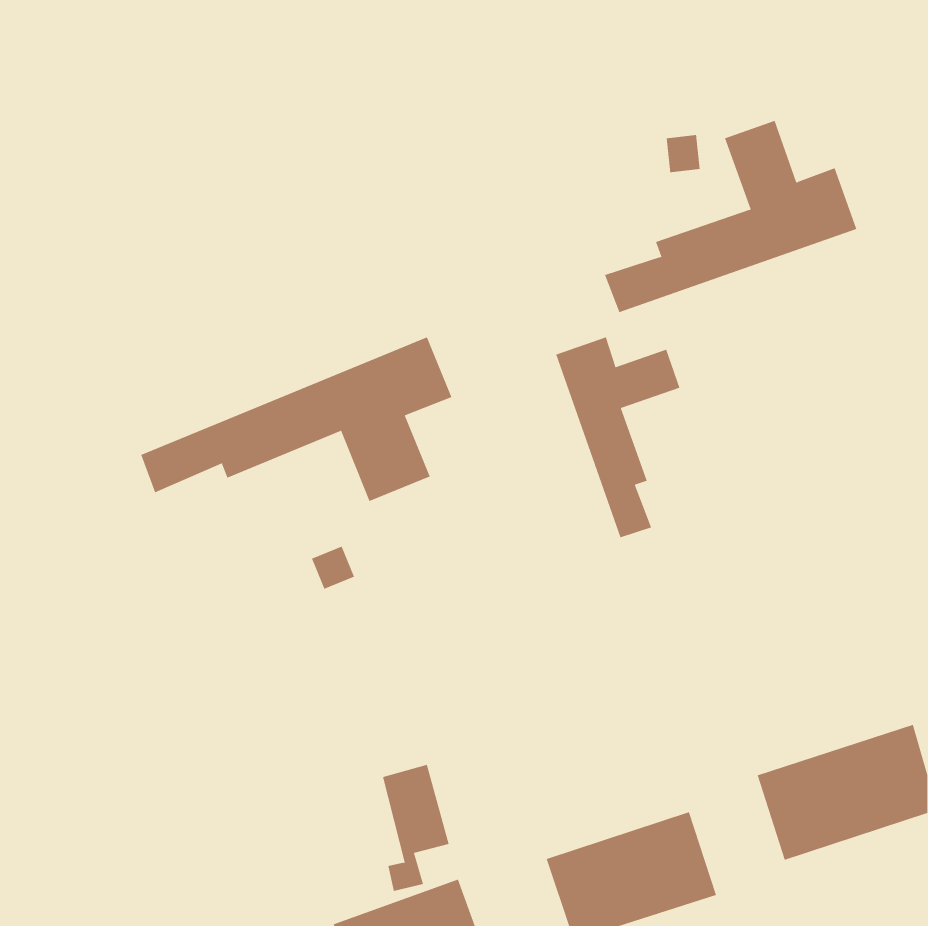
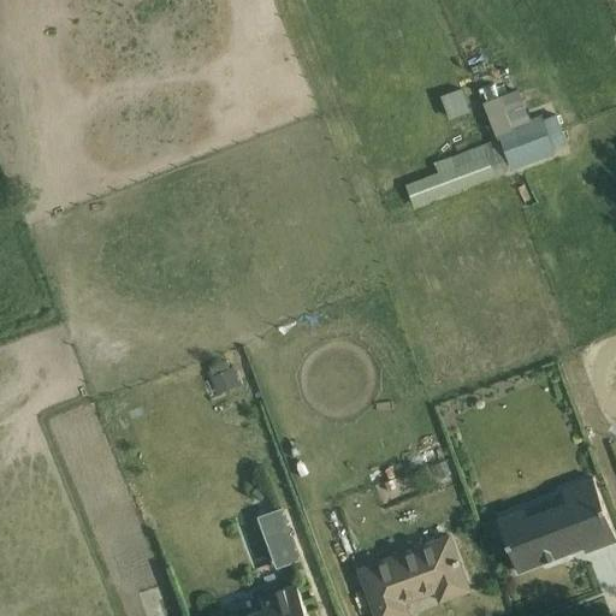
building: [555,336,680,538] -> none
building: [141,336,452,502] -> none

